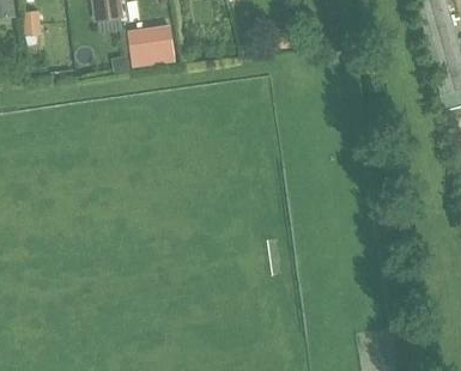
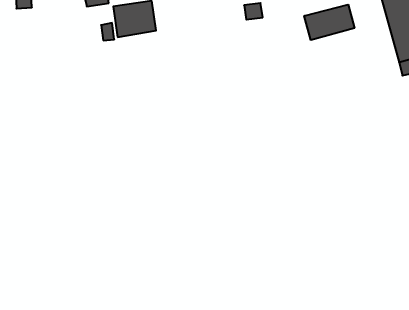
building: none -> [304,5,354,40]

